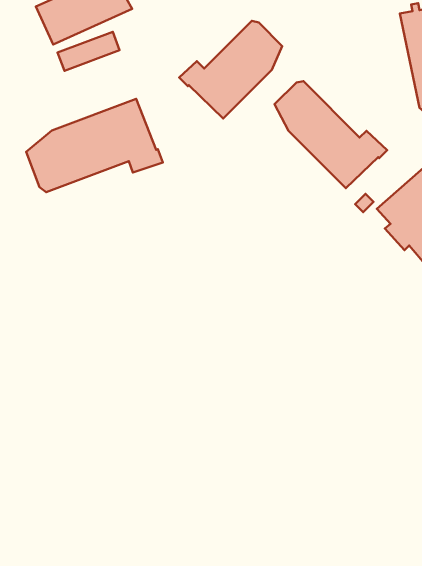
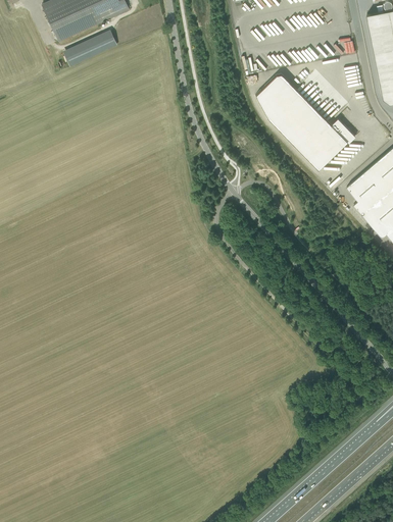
building: [179,21,282,119] -> none
building: [26,99,163,192] -> none

